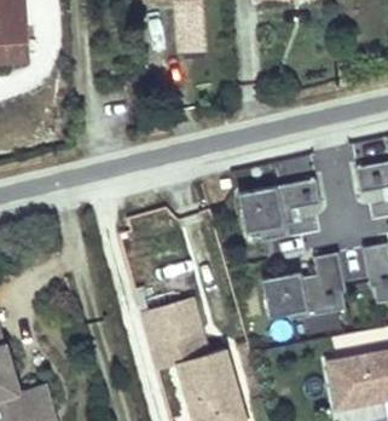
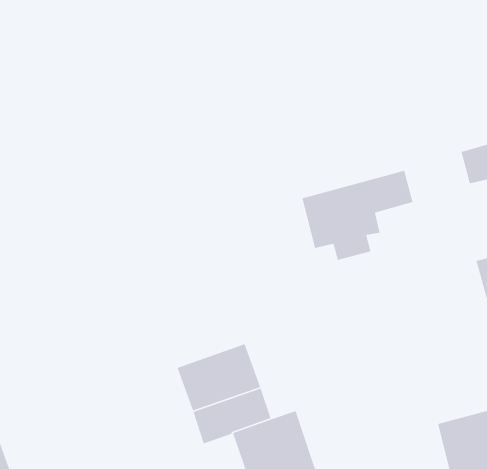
building: [262,253,346,321] -> none

